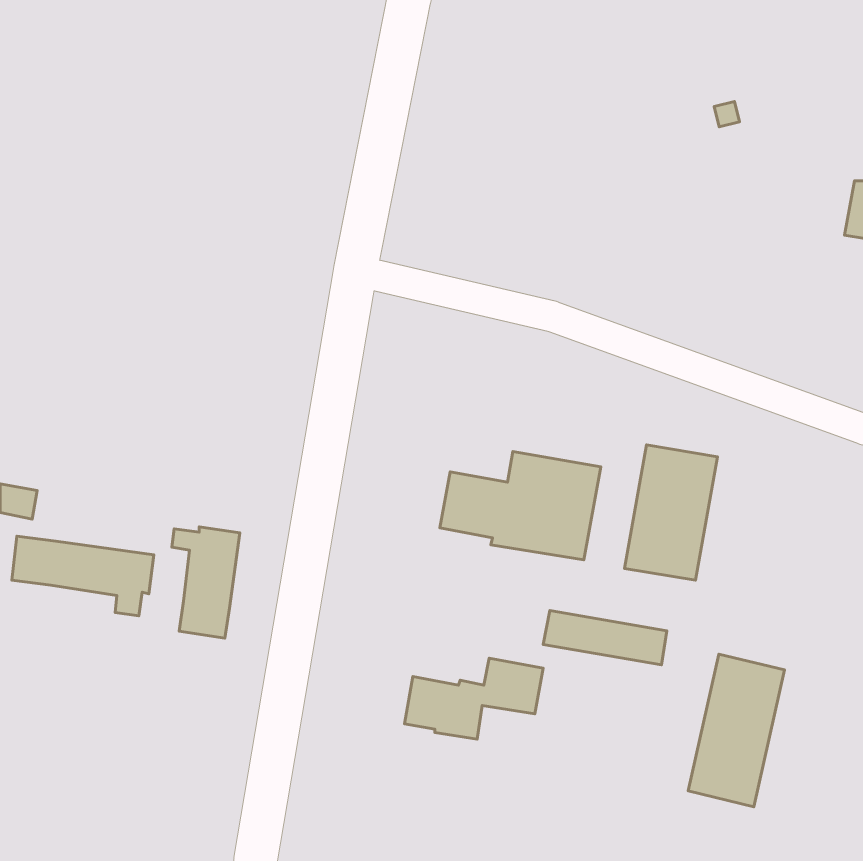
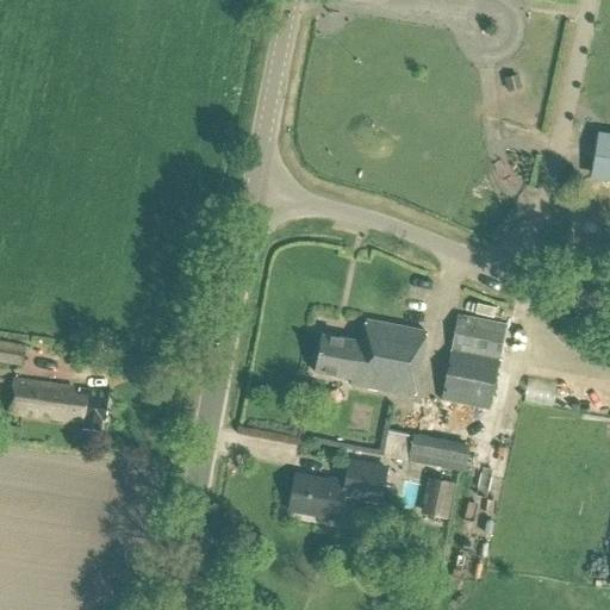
building: [172,527,240,638] -> none
building: [688,654,785,807] -> none
building: none -> [424,477,455,518]

